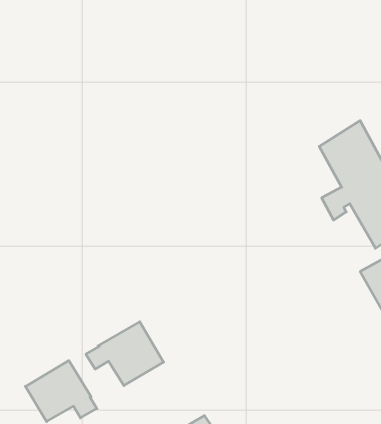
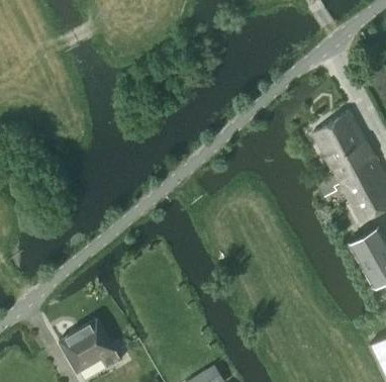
building: [86,322,164,386] -> none

